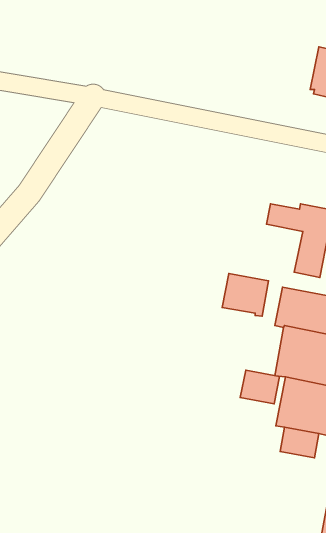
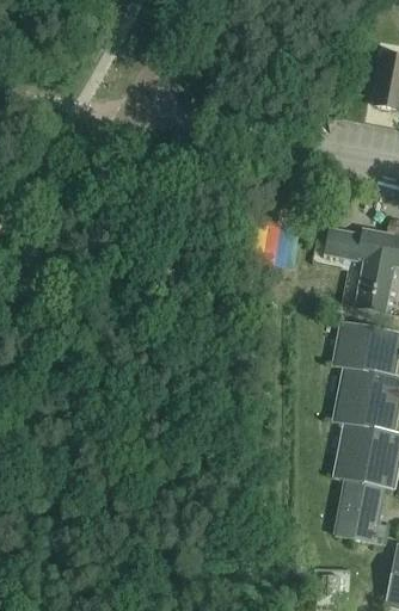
building: [222,274,268,316] -> none
building: [240,370,280,404] -> none
building: none -> [333,506,385,543]

